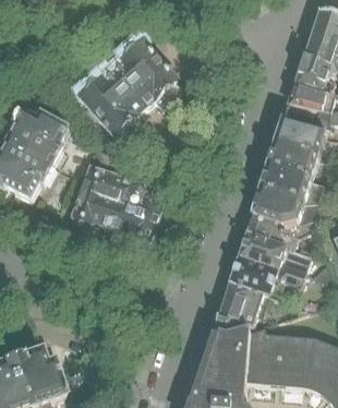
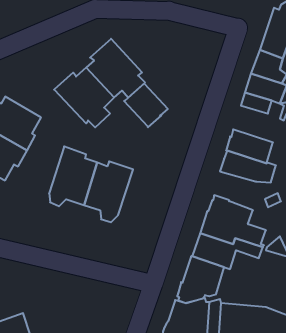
building: none -> [124,84,168,127]
building: [275,120,326,157] -> none
building: [253,189,318,231] -> none

